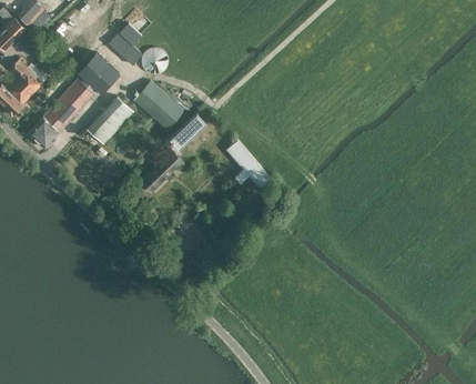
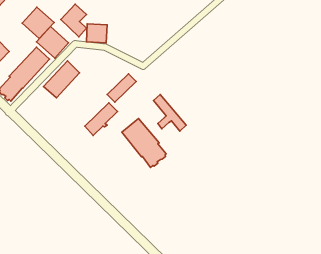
building: none -> [22,7,54,39]
building: [134,80,184,129] -> none
building: none -> [122,118,166,168]

